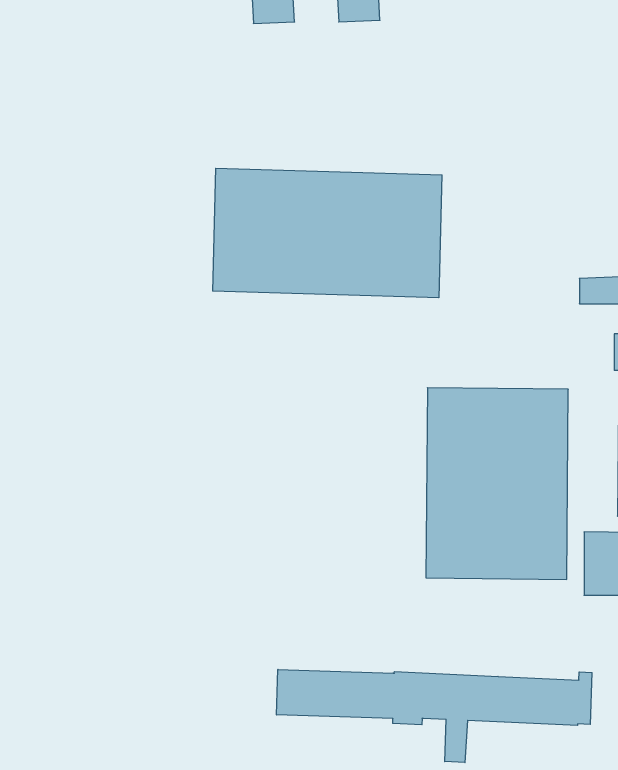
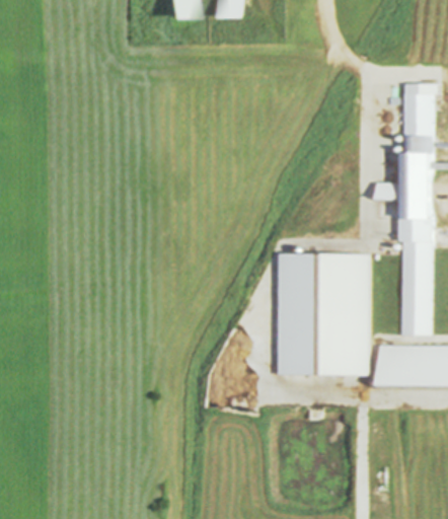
building: [213,168,442,298] -> none
building: [277,669,592,763] -> none

